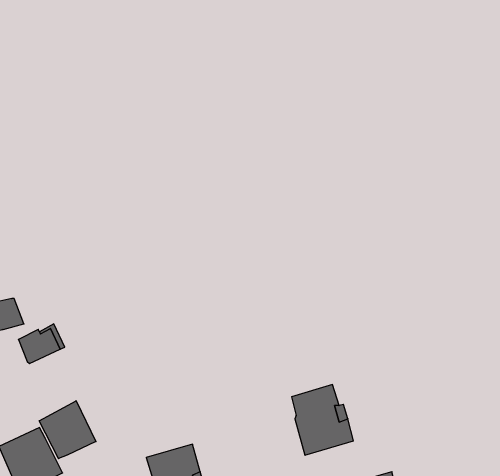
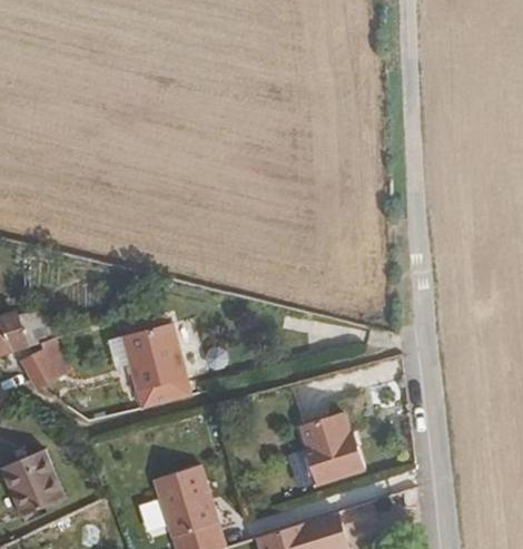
building: none -> [125,324,189,394]
building: [39,401,96,459] -> none

